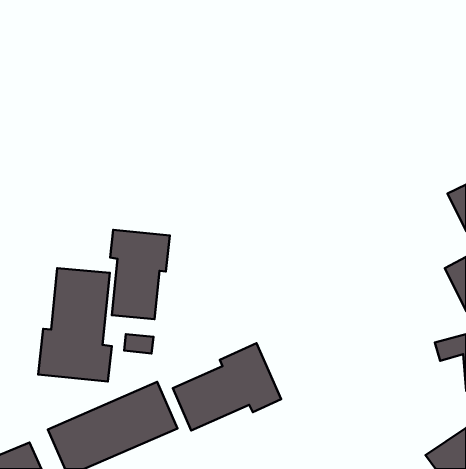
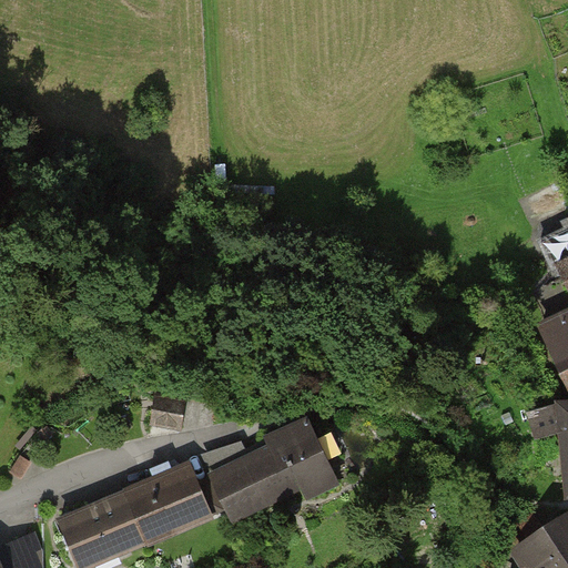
building: [110,230,170,319] -> none
building: [38,268,112,381] -> none

